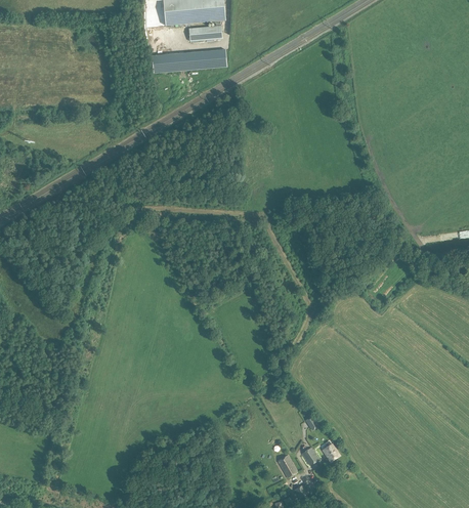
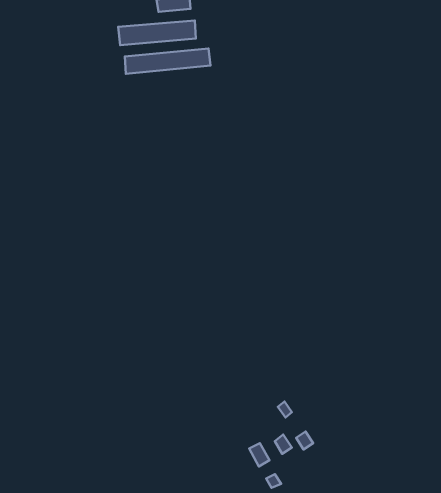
building: none -> [125,49,211,74]

